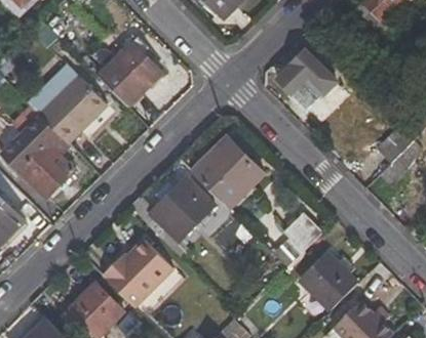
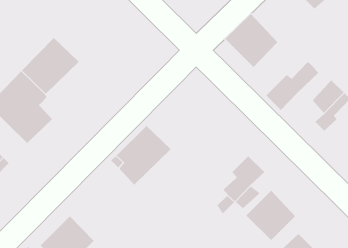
building: [98,41,163,107] -> none
building: none -> [266,61,319,111]
building: [191,135,266,208] -> none
building: [104,242,175,310] -> none

